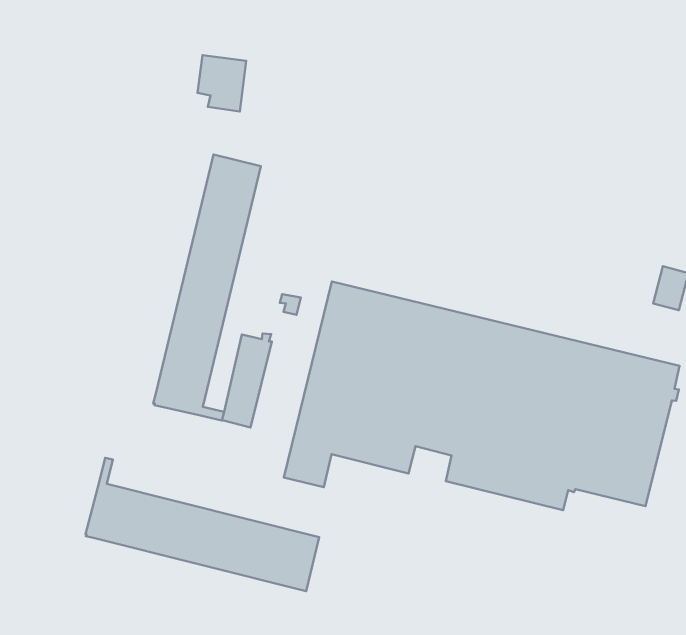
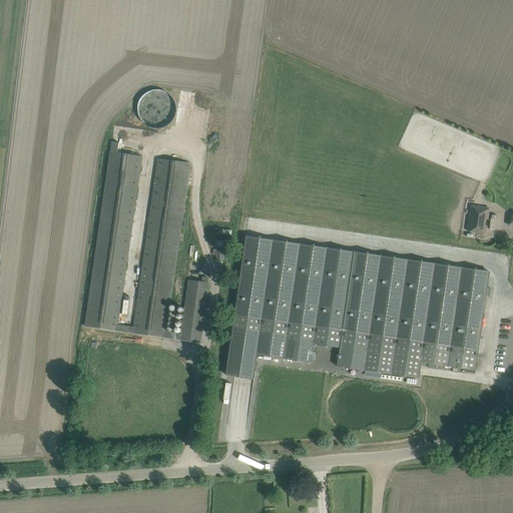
building: none -> [84,140,141,331]
building: [85,458,319,591] -> none

